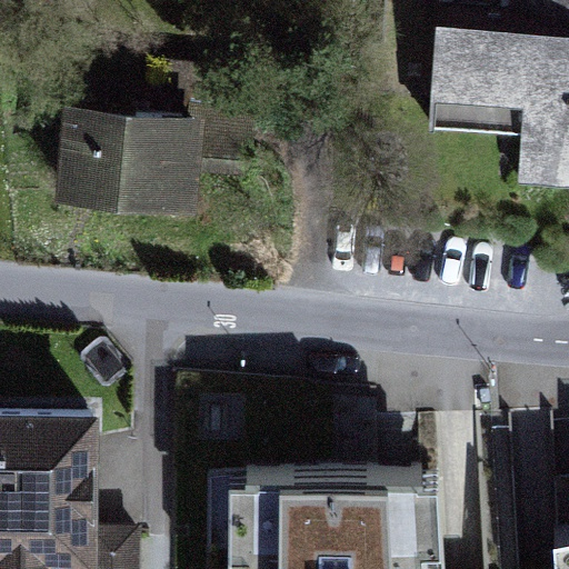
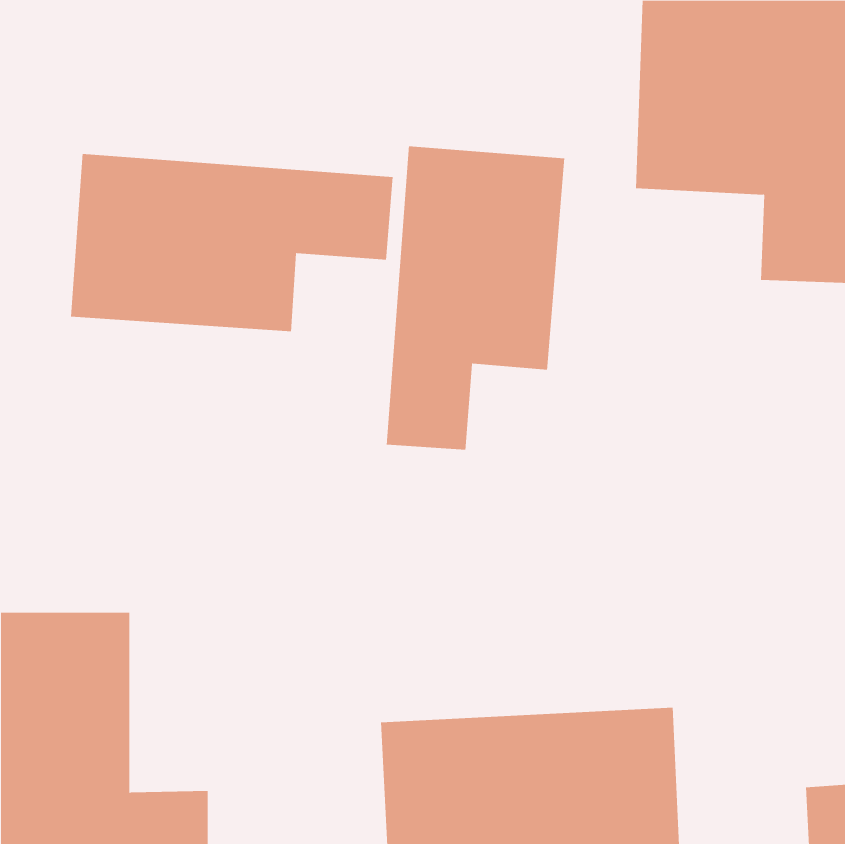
building: none -> [386,145,565,451]

